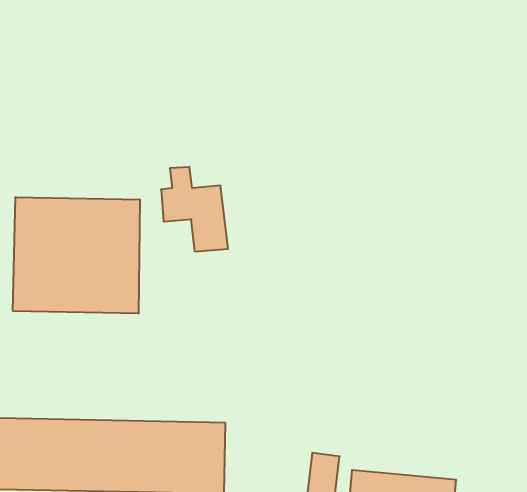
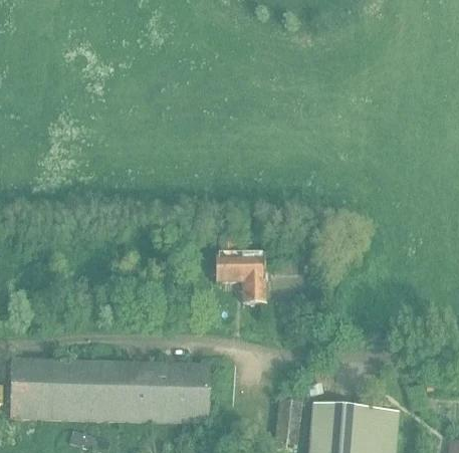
building: [161,167,228,251] -> [213,235,267,303]
building: [13,197,140,314] -> none

